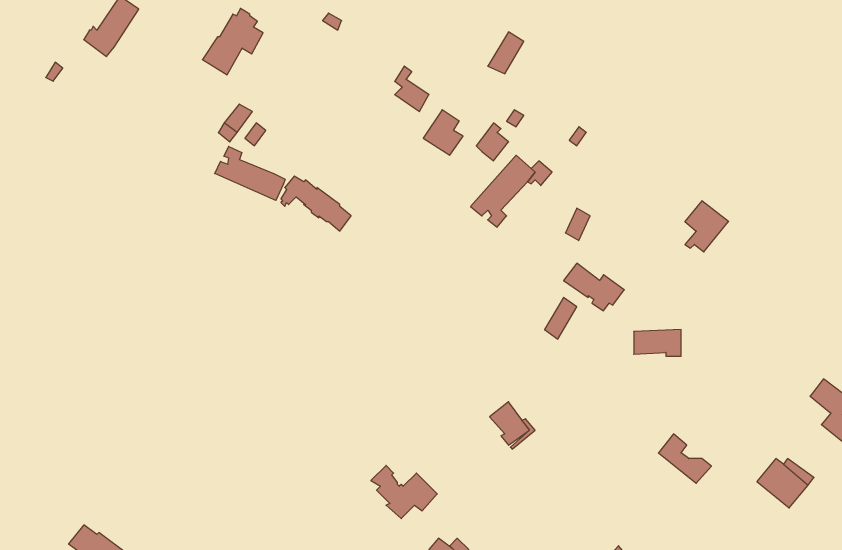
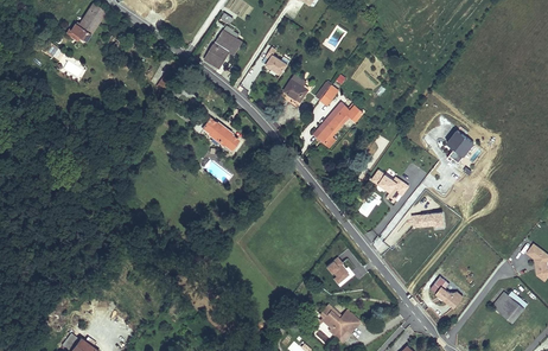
building: [202,8,263,75] -> [203,26,241,68]
building: [215,146,285,200] -> none
building: [371,465,437,519] -> [318,305,359,338]

